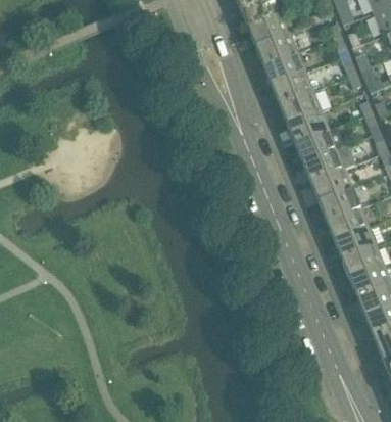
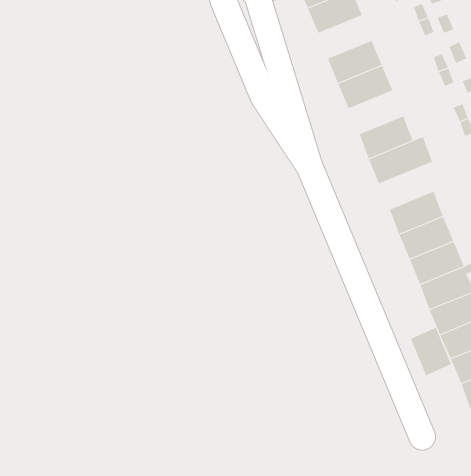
building: [256,33,298,66] -> none
building: [280,91,323,125] -> none
building: [303,146,353,183] -> none
building: none -> [410,327,452,376]

